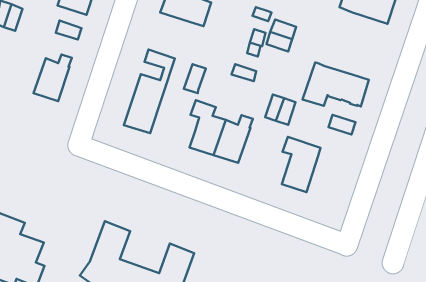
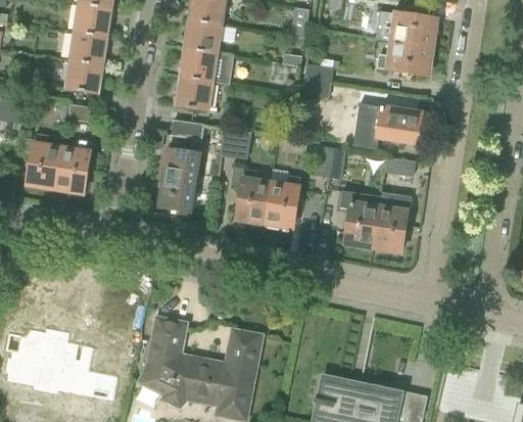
building: none -> [376,41,432,76]
building: none -> [176,77,213,109]
building: none -> [28,134,62,189]
building: none -> [374,196,409,251]

